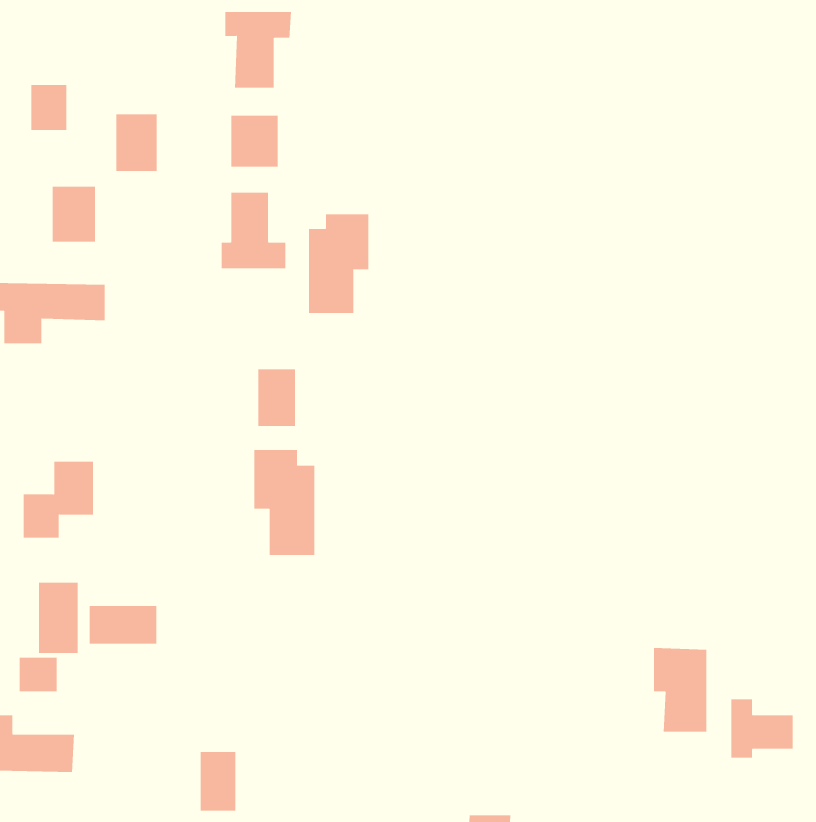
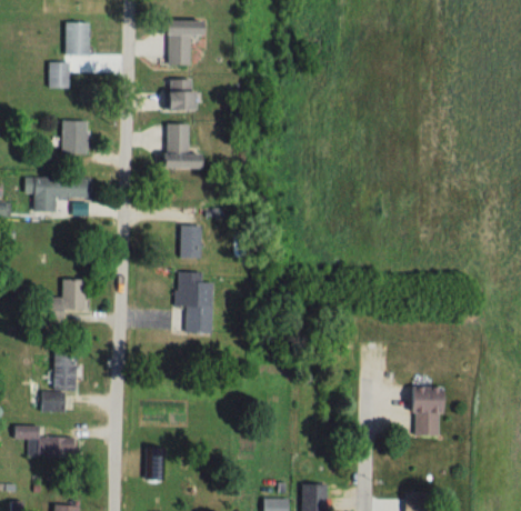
building: [115,114,158,171] -> [66,21,90,54]
building: [308,213,369,314] -> none
building: [89,605,157,644] -> none
building: [731,699,793,758] -> none

